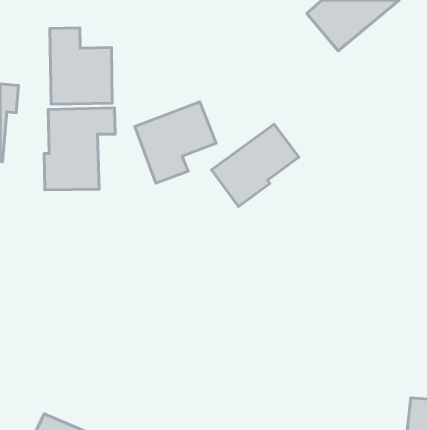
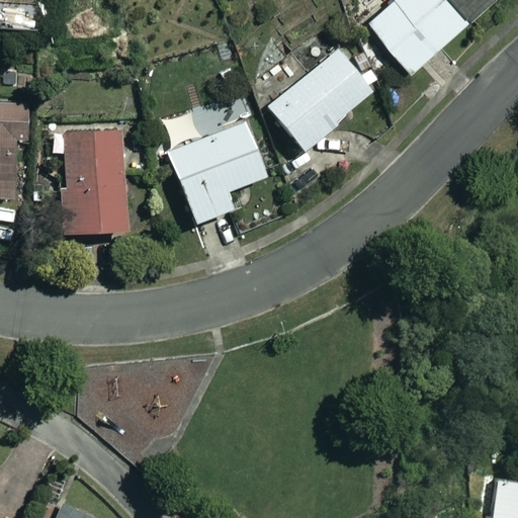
building: [50,28,112,104] -> none
building: [211,124,299,206] -> [268,53,372,151]

